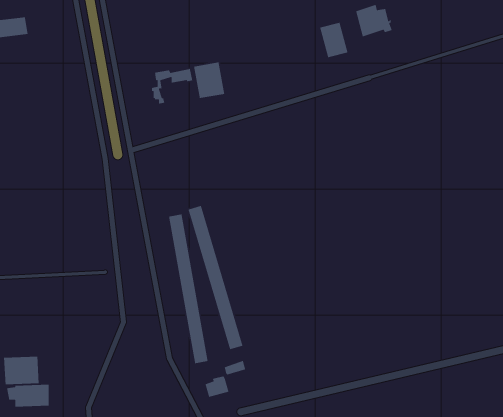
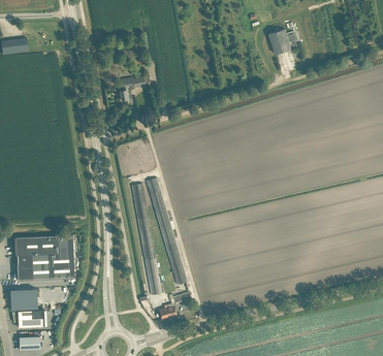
building: [319,22,348,58] -> none
building: [193,62,225,99] -> none
building: none -> [15,233,74,280]

